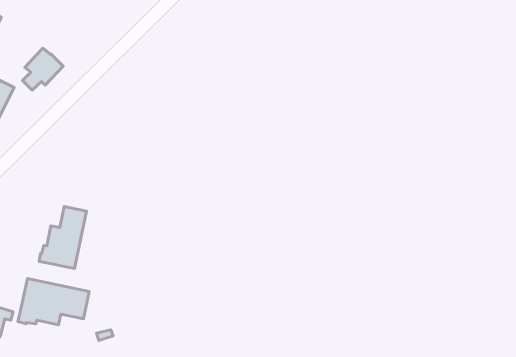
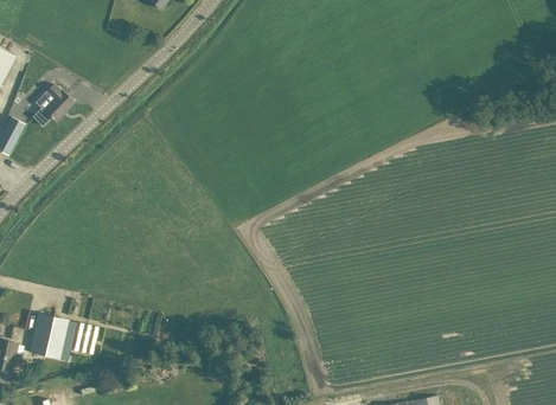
building: [39,207,86,268] -> none

